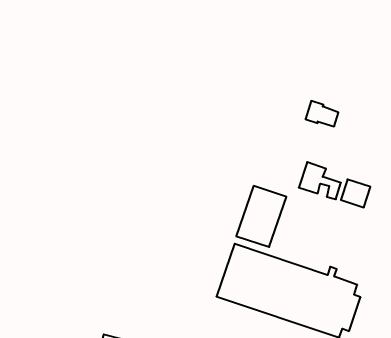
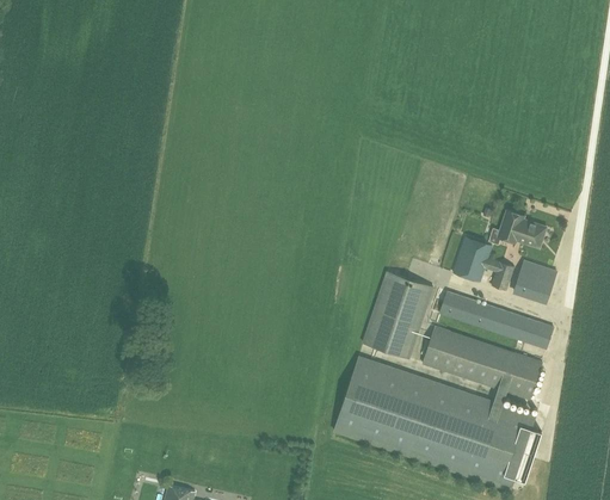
building: [305,101,338,126] -> [497,210,544,247]
building: none -> [438,291,553,348]
building: none -> [421,326,541,399]

